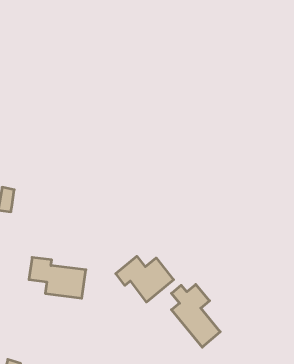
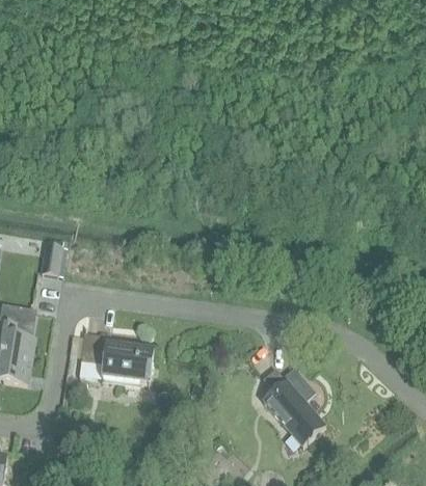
building: [116,256,174,302] -> none

